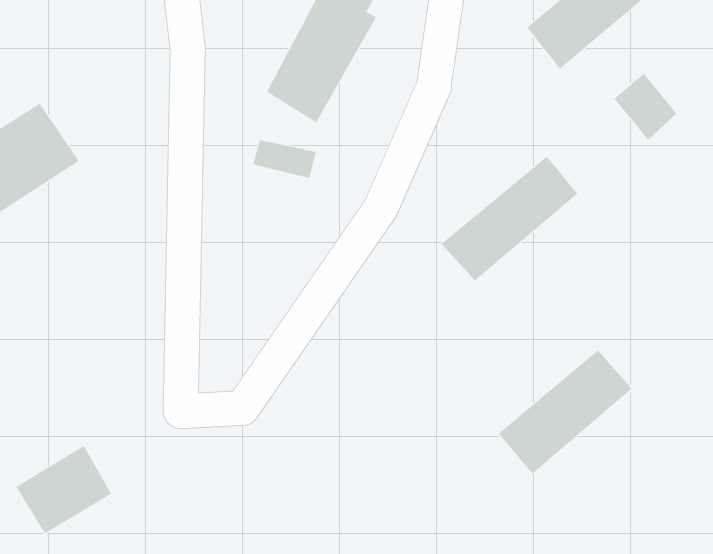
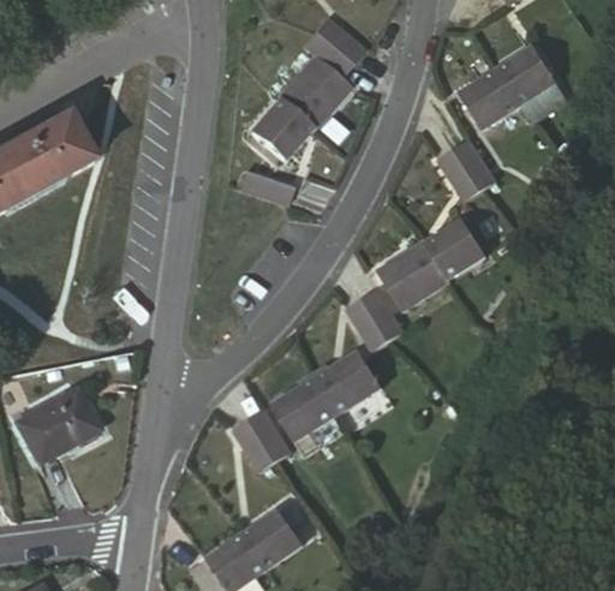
building: [613,73,677,141] -> [450,137,500,191]
building: none -> [347,275,401,334]
building: [498,349,633,474] -> [277,346,388,440]
building: none -> [243,407,301,468]

